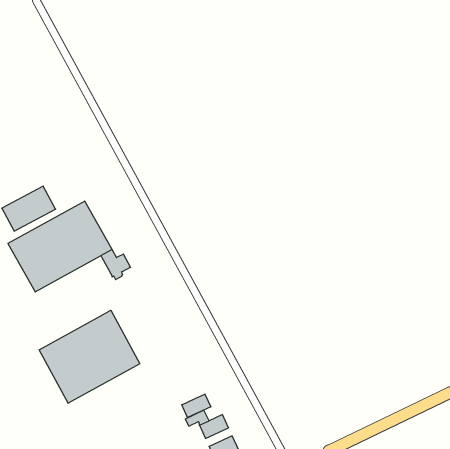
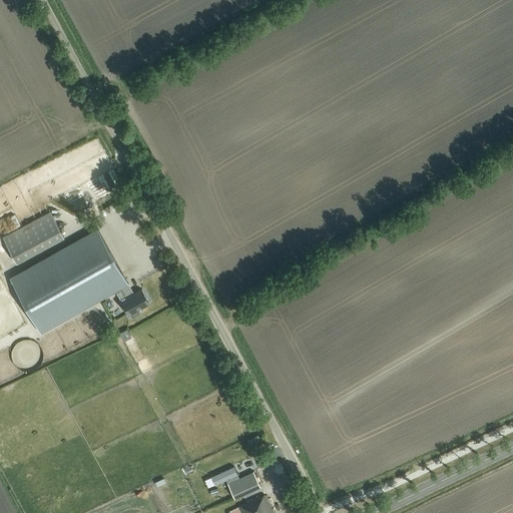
building: [39,310,140,403] -> none
building: [182,394,211,418] -> none

